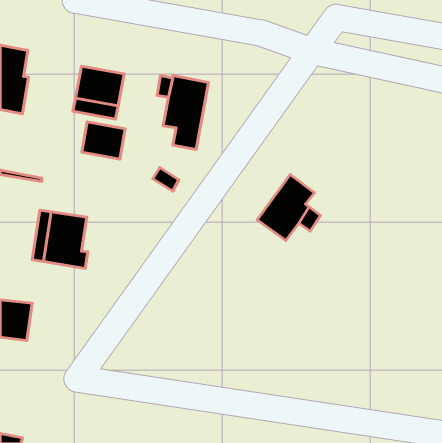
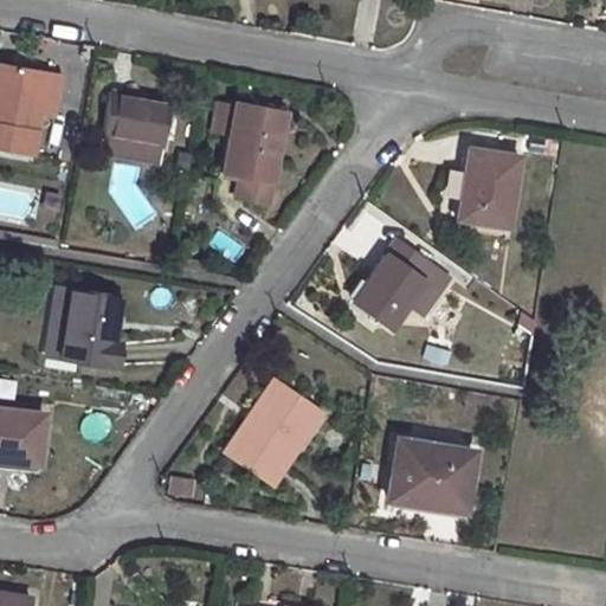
building: none -> [457,149,521,227]
building: [82,122,125,159] -> none
building: none -> [223,386,323,482]
building: none -> [388,440,475,511]

